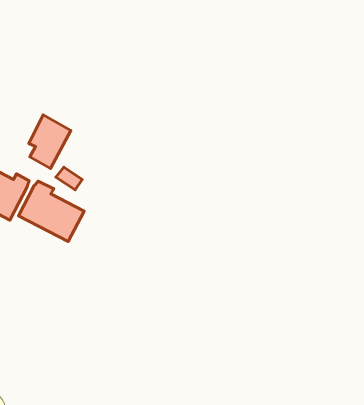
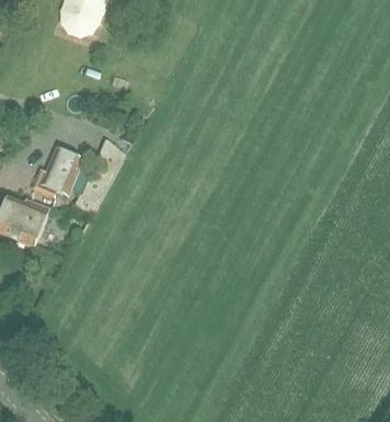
building: [18,181,84,242] -> none

